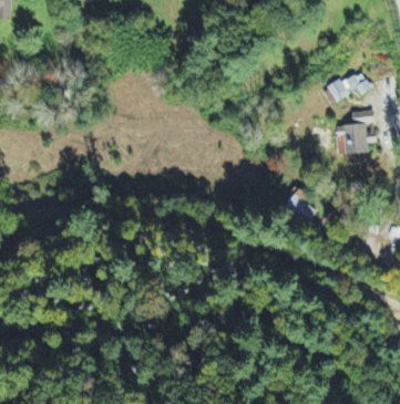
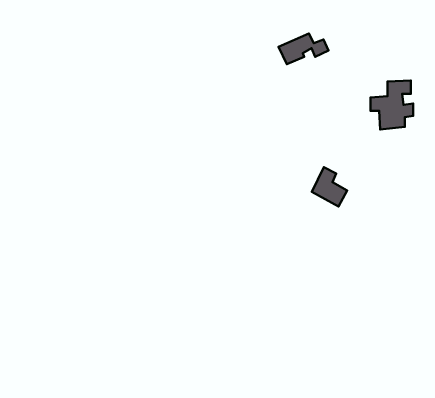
building: [327,73,372,101] -> [278,33,329,64]

